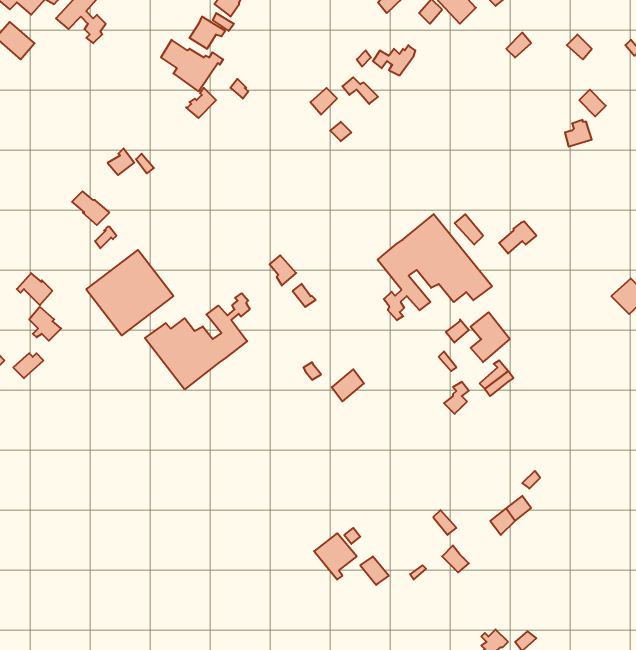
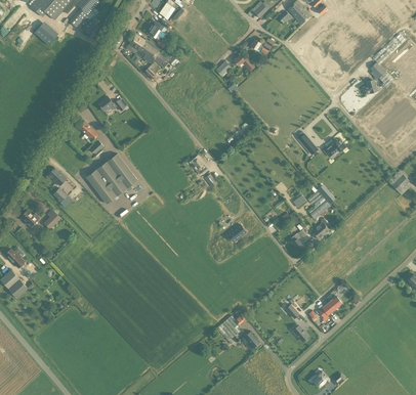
building: [378,214,492,320] -> none
building: [145,293,250,389] -> none

